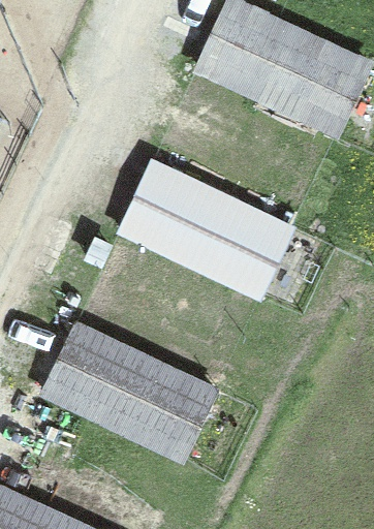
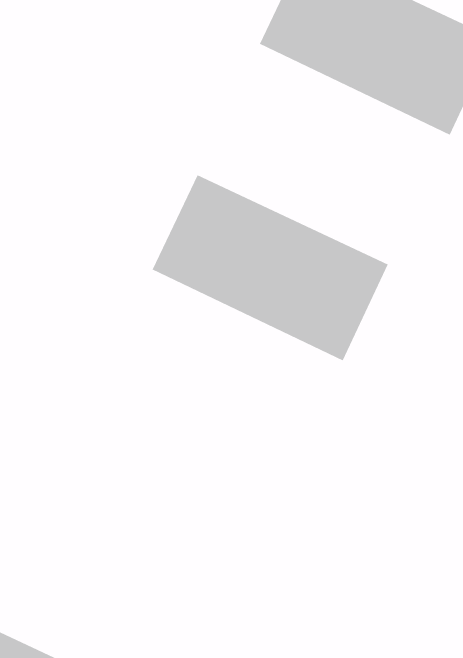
building: [42,323,214,459] -> none

